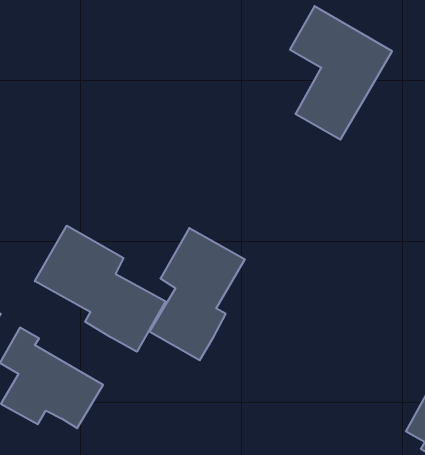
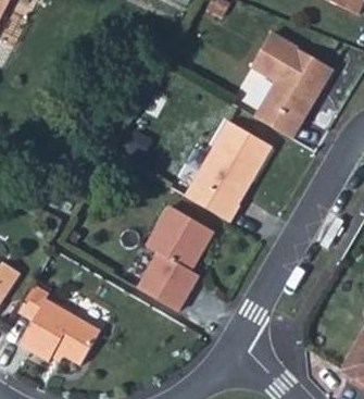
building: none -> [186,120,273,223]
building: [35,226,166,352] -> none

